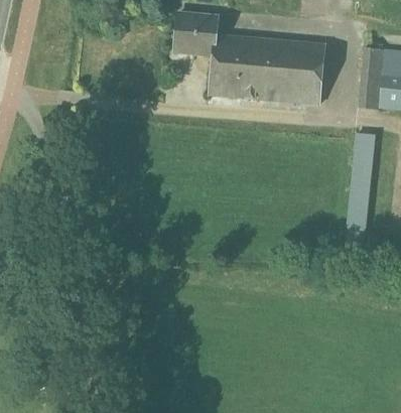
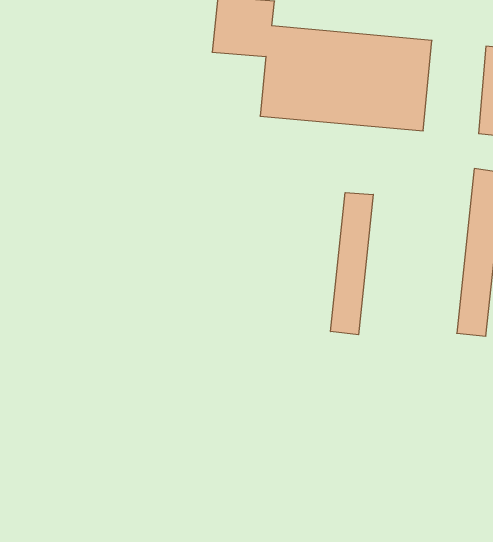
building: none -> [331,193,373,335]

